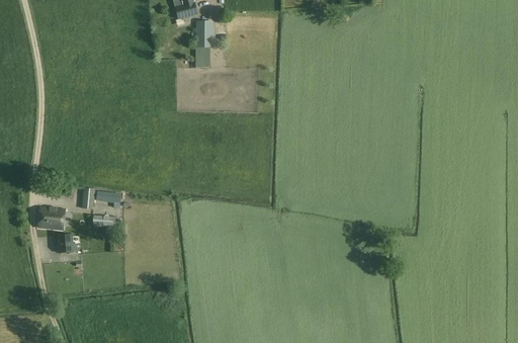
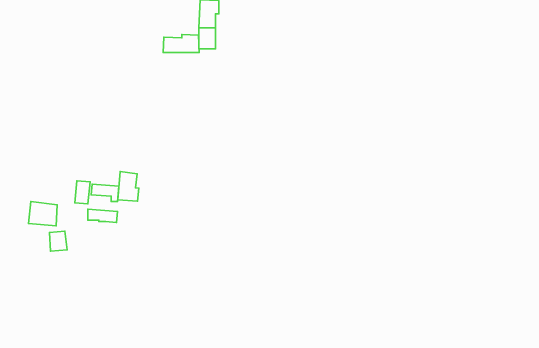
building: none -> [163,35,199,52]
building: none -> [118,172,139,201]

